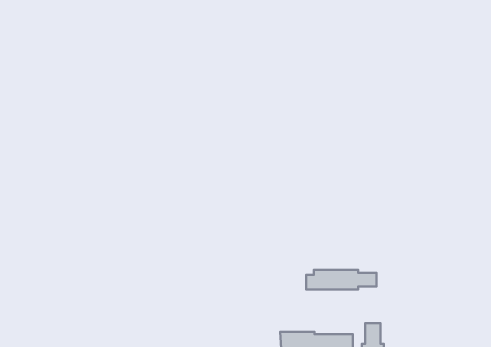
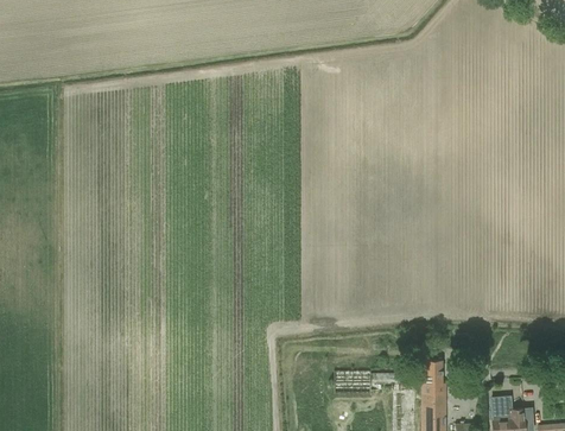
building: [306,270,377,290] -> none

